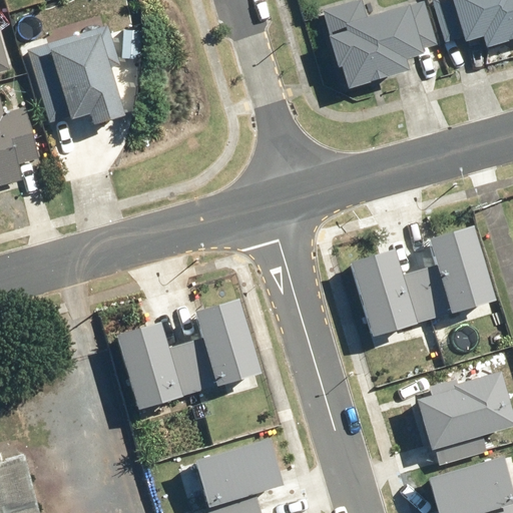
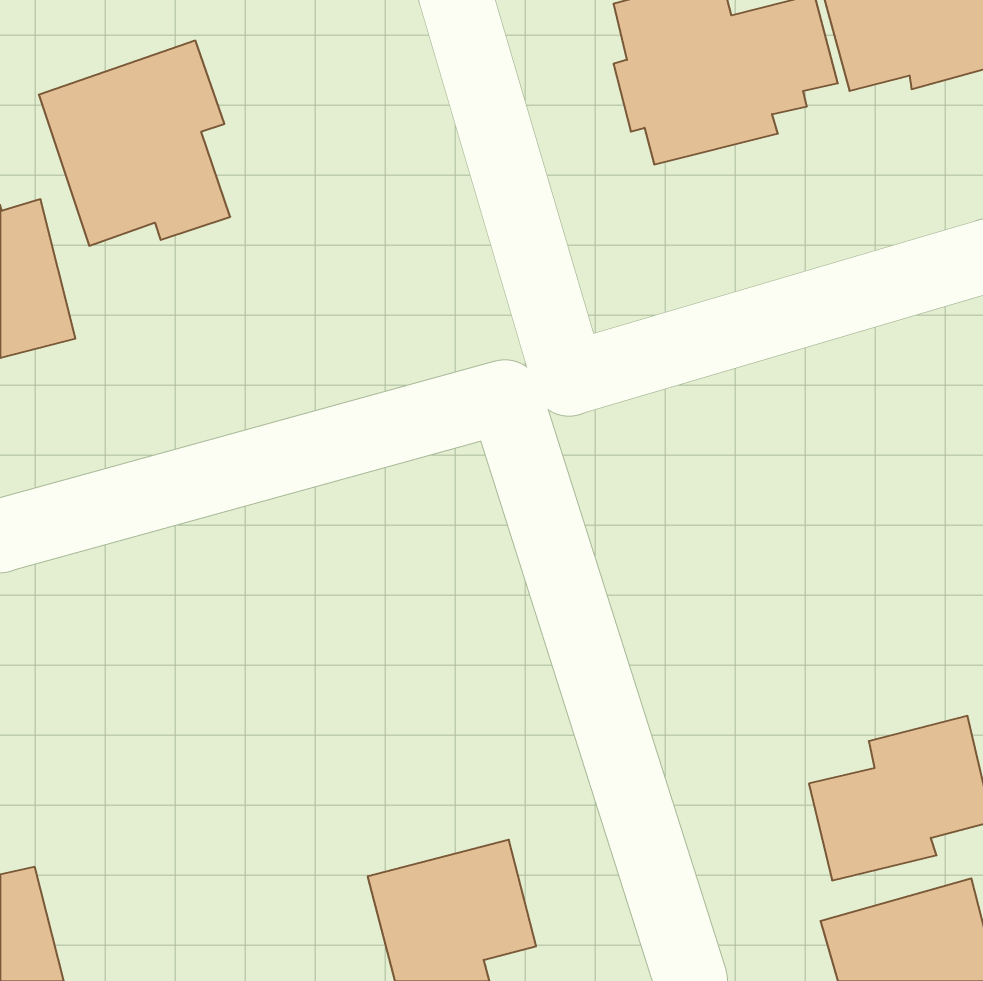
building: [363,232,494,345] -> none
building: [125,301,258,414] -> none

